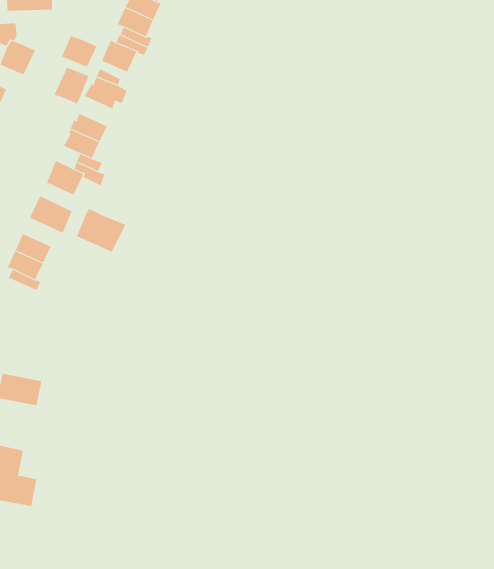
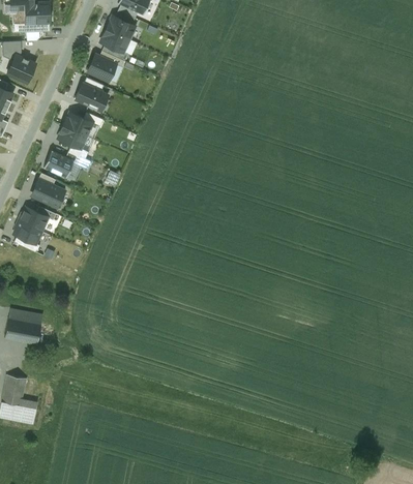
building: [61,35,97,68] -> none
building: [54,67,89,105] -> none
building: [76,207,126,252] -> none

